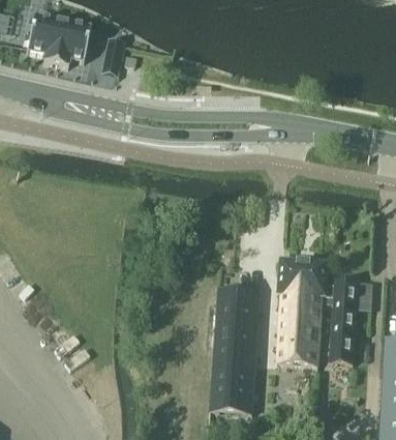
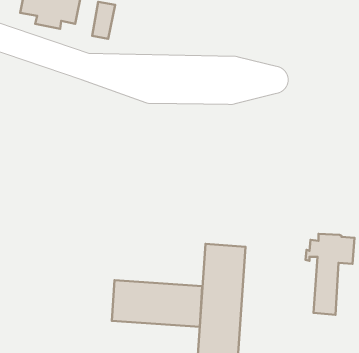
building: [277,258,328,365] -> none
building: none -> [112,280,202,327]

